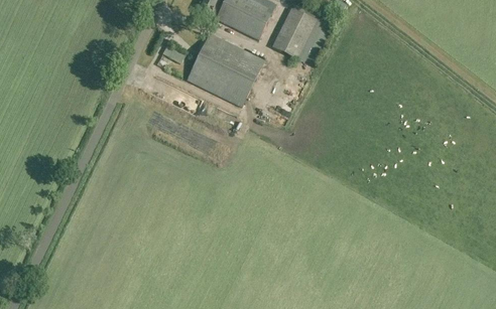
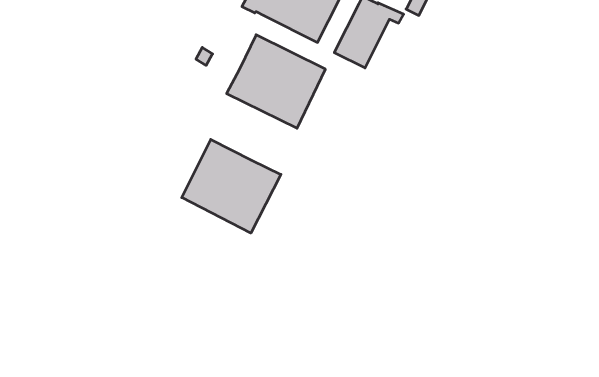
building: none -> [182,139,281,233]

